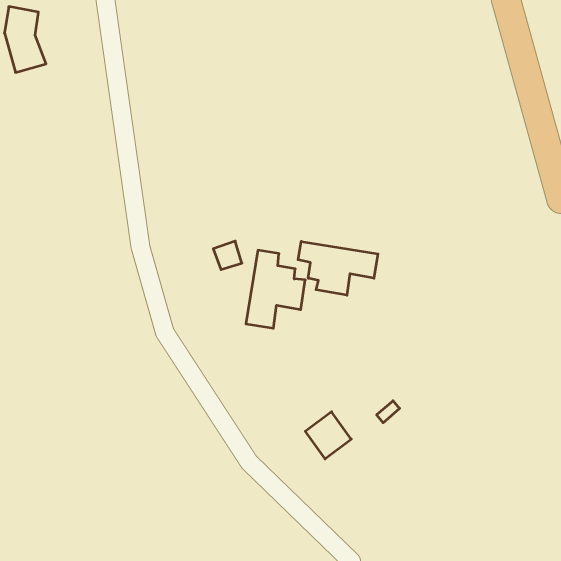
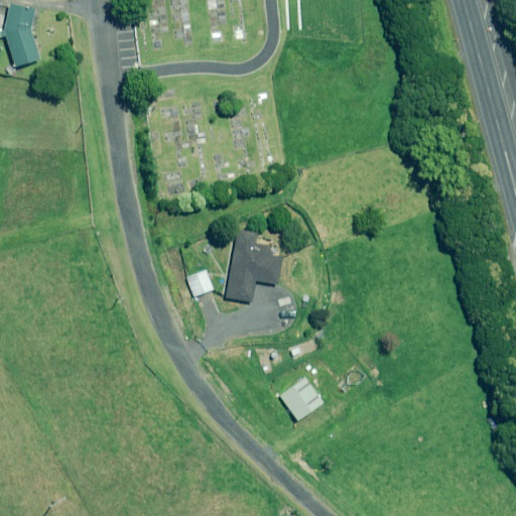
building: [213,241,242,270] -> [186,270,213,296]
building: [298,241,378,295] -> none

